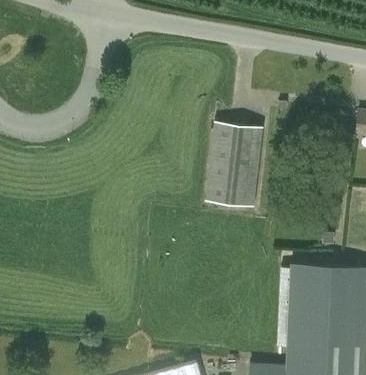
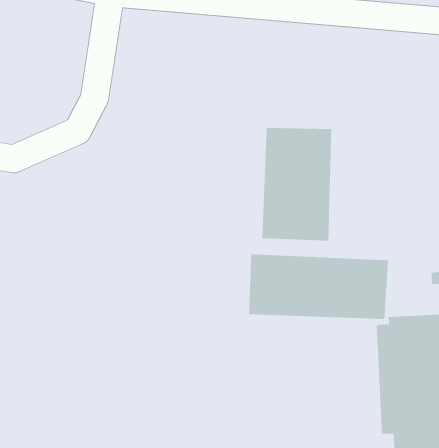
building: none -> [248,253,389,320]

